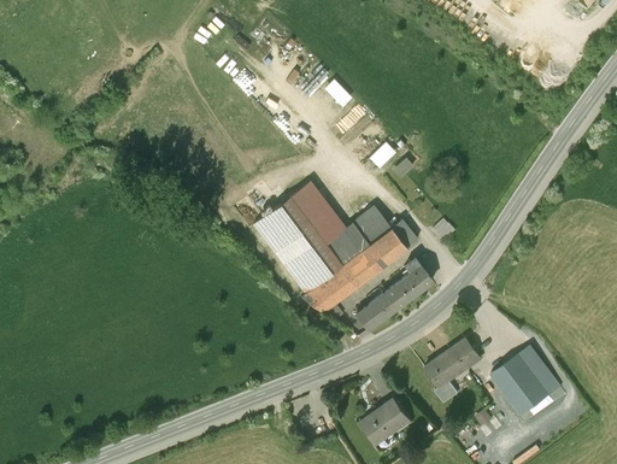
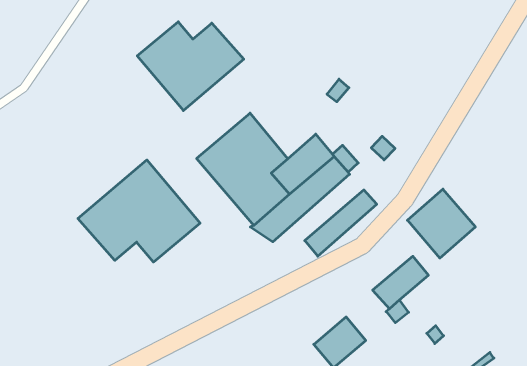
building: none -> [137,22,244,111]
building: none -> [78,160,200,262]
building: [490,346,559,416] -> [407,189,475,258]

